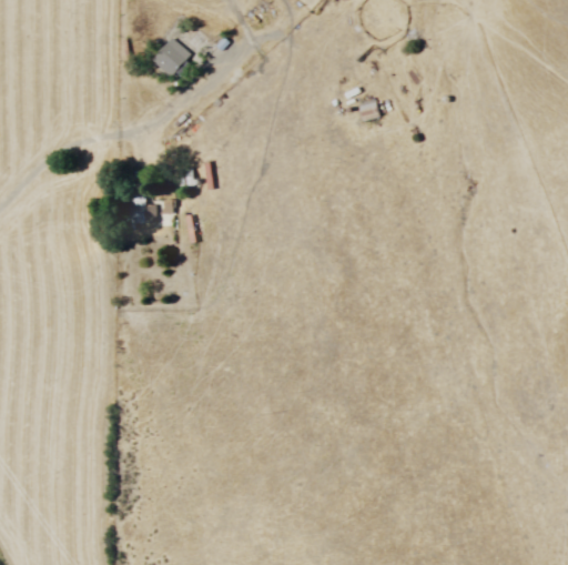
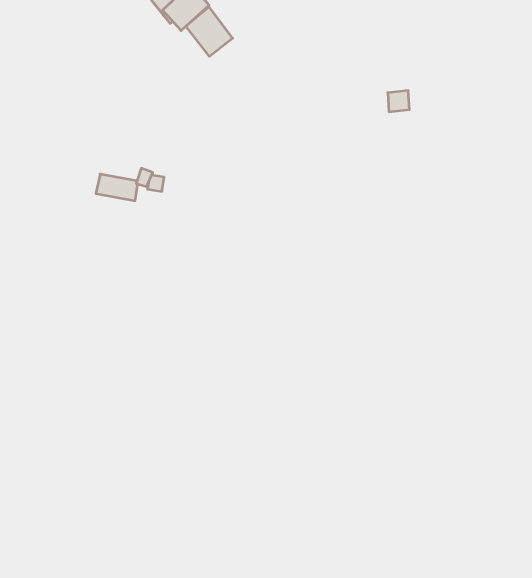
building: none -> [186,7,233,56]

